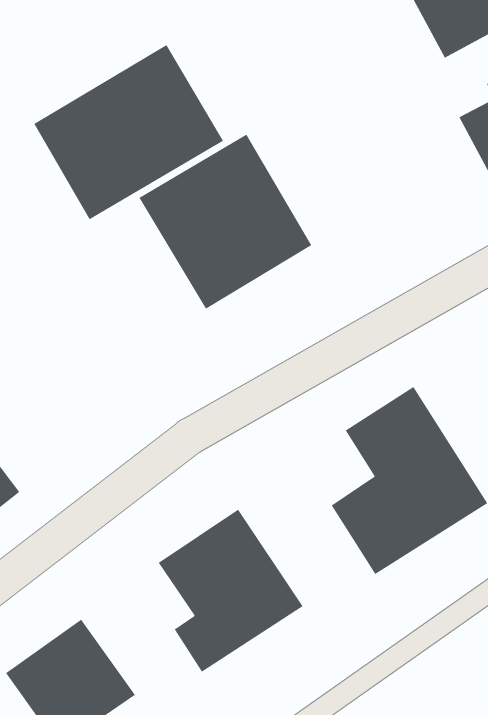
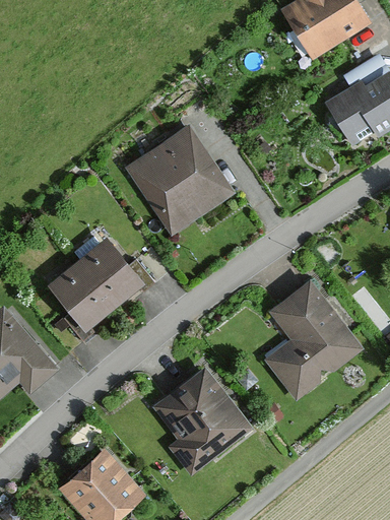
building: [33,44,224,220] -> none
building: none -> [46,236,144,332]

